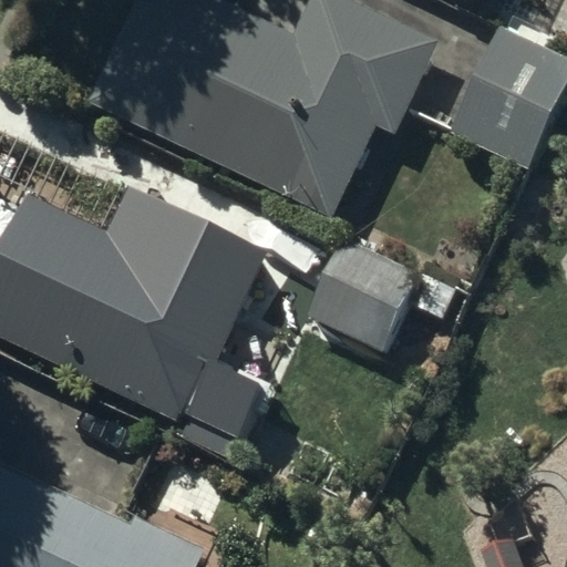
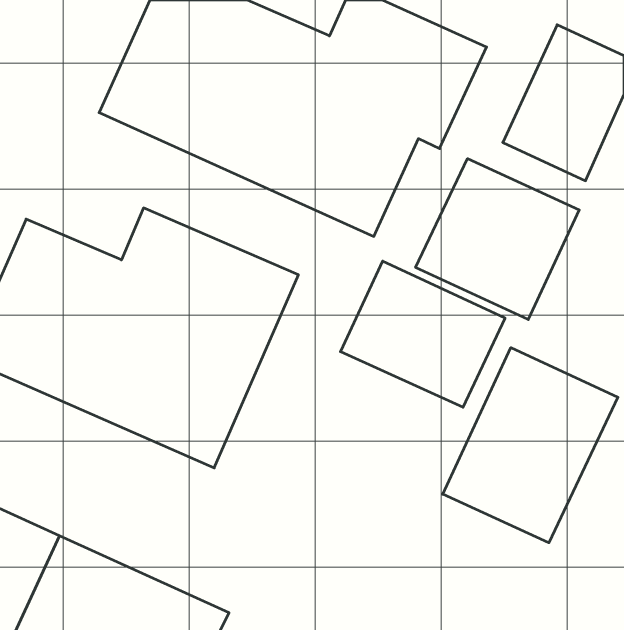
building: none -> [416,159,579,320]
building: none -> [443,348,618,543]

